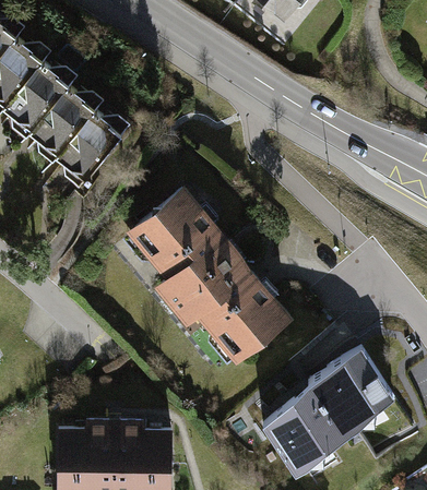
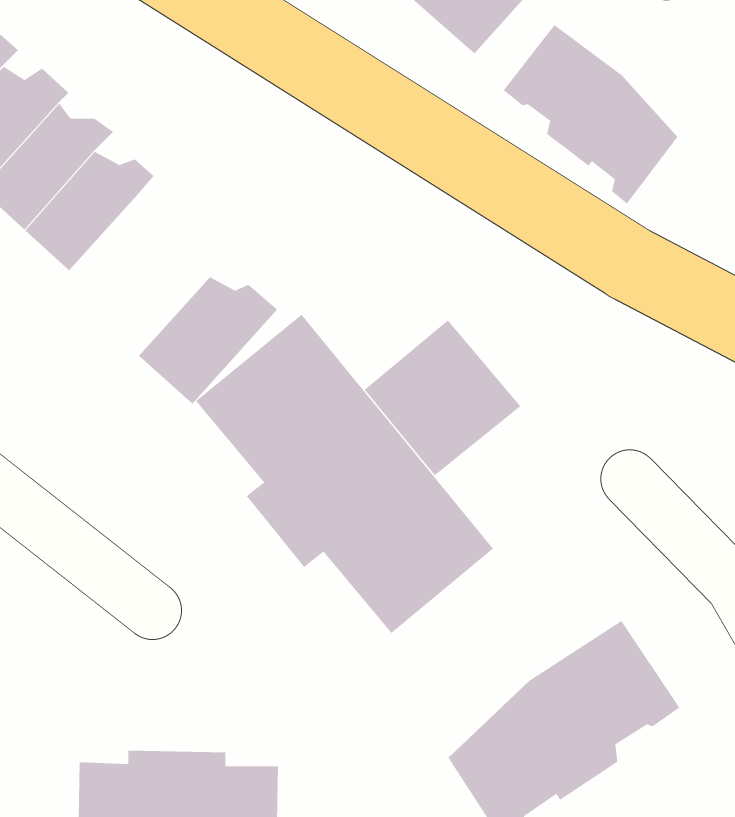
building: none -> [503,24,678,205]
building: [50,109,129,181] -> [138,276,278,404]
building: none -> [364,319,521,476]

